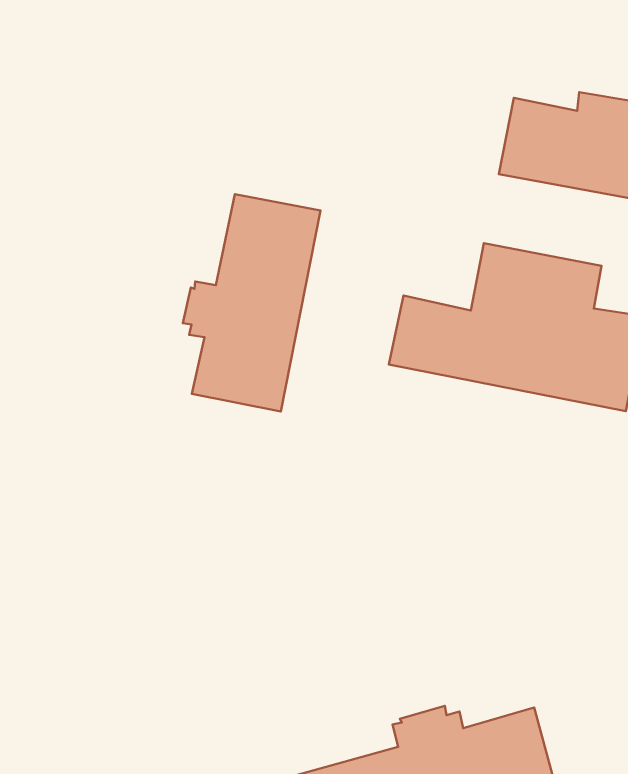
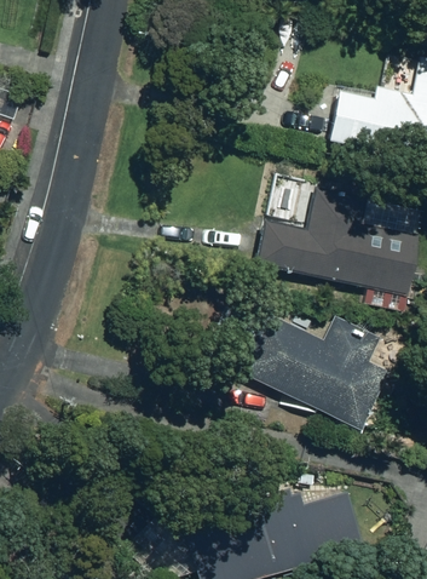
building: [183,194,320,412] -> none
building: none -> [238,311,391,431]

